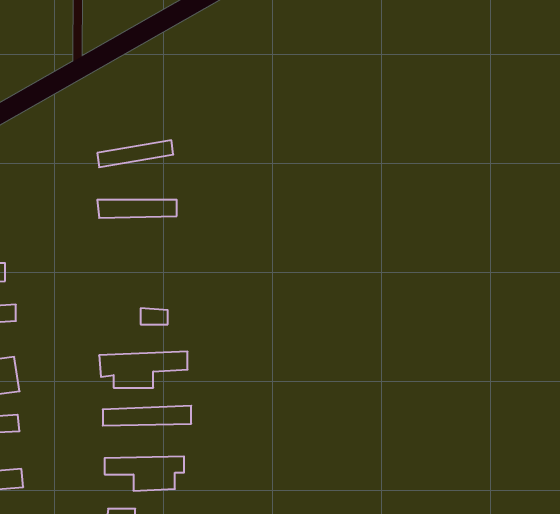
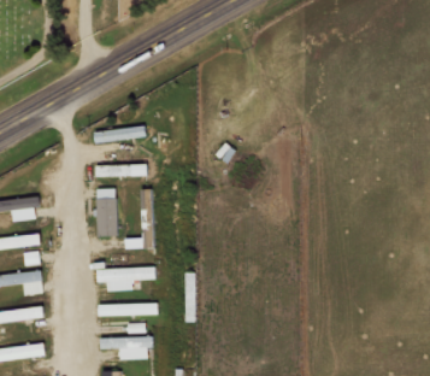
building: none -> [95,189,117,236]

